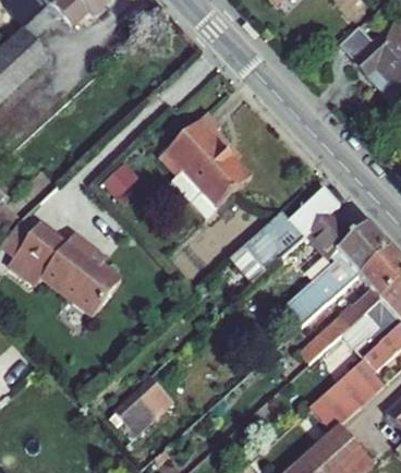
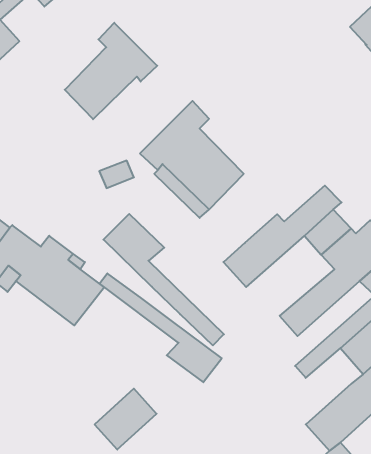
building: none -> [65,23,157,119]
building: none -> [103,214,224,345]
building: none -> [99,273,222,382]

